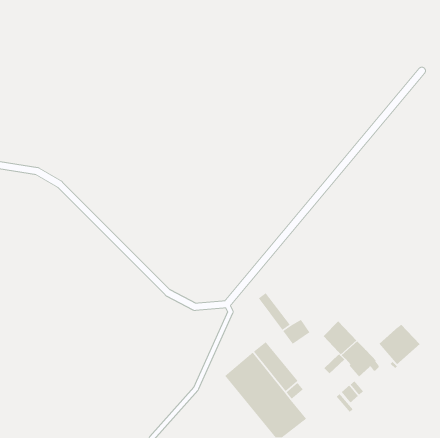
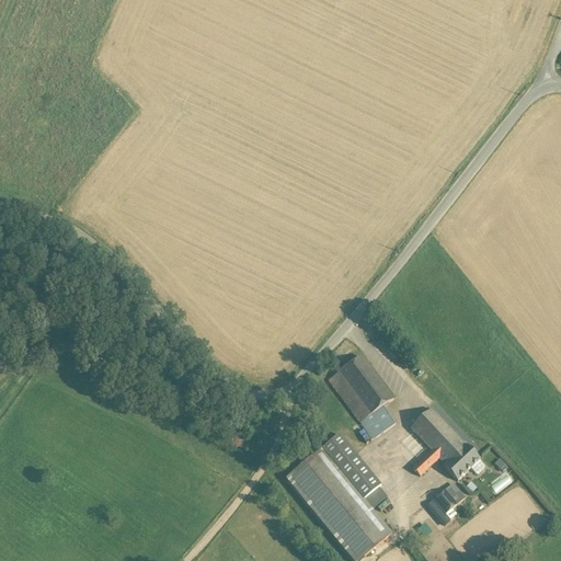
building: none -> [337,354,392,412]
building: [378,324,420,365] -> none

